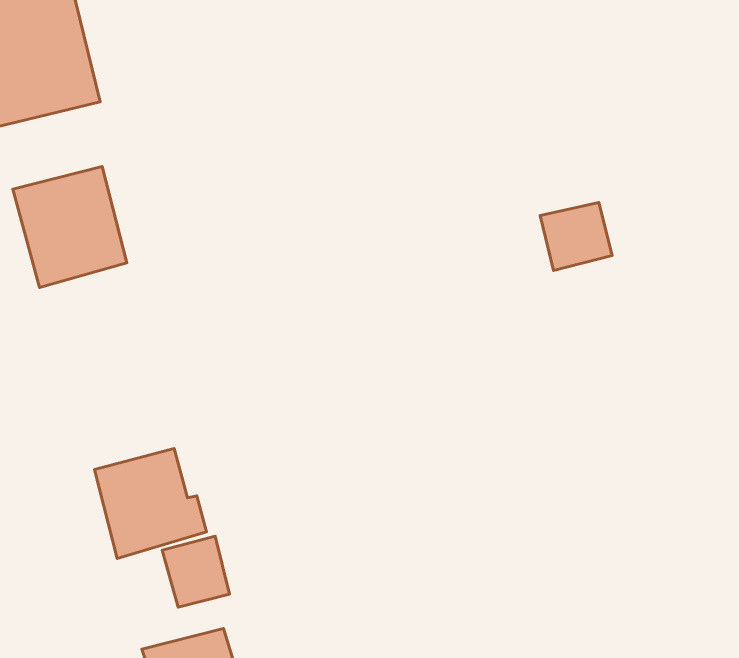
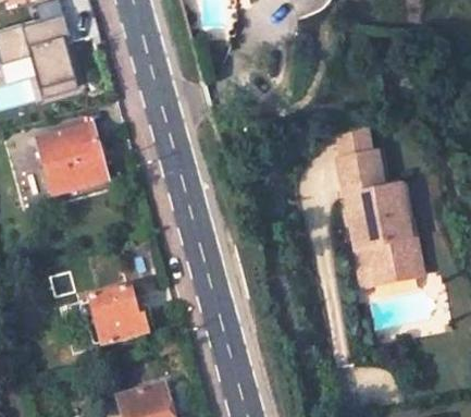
building: none -> [348,180,425,283]
building: [162,536,230,607] -> none

